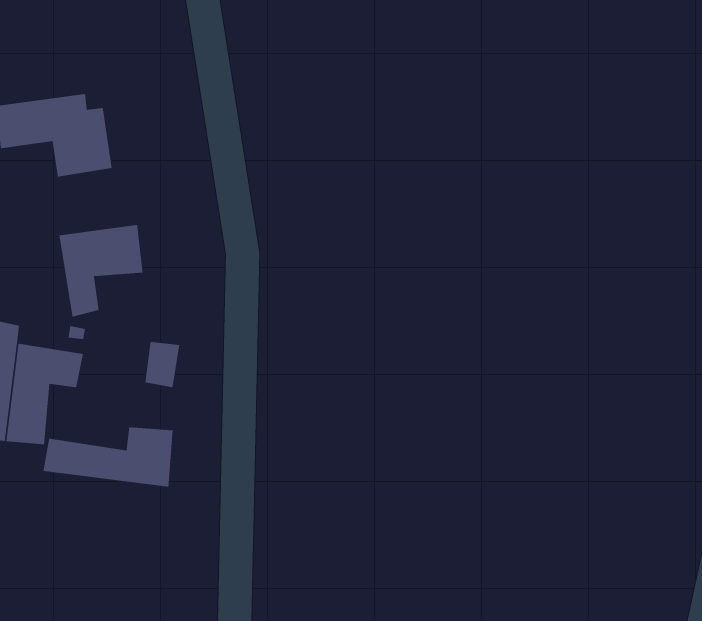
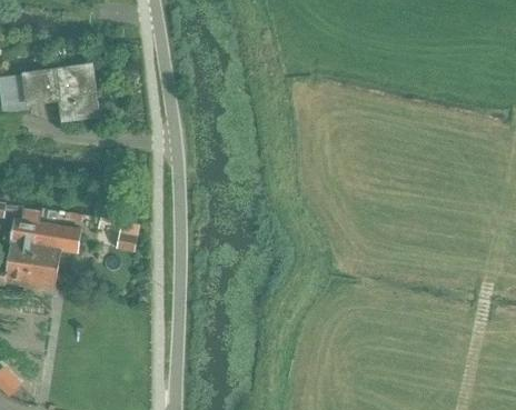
building: [59,224,143,318] -> none
building: [43,427,173,487] -> none

